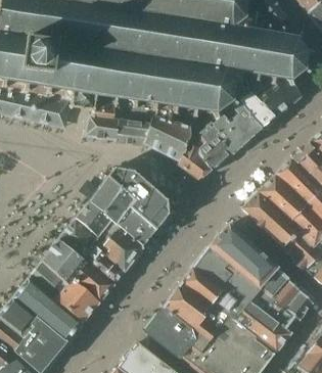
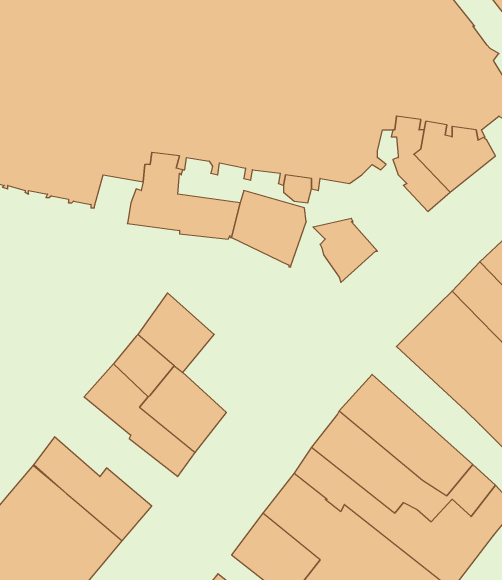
building: [212,82,261,156] -> none
building: [178,136,210,180] -> none
building: [107,169,168,248] -> none
building: [41,239,113,304] -> none

